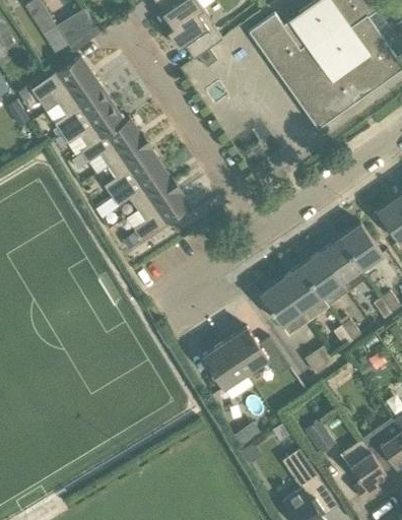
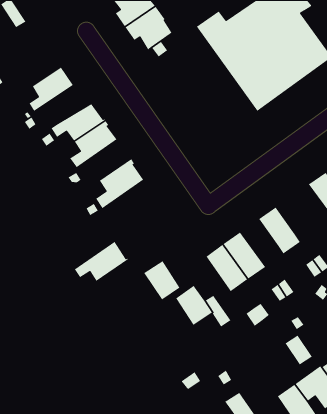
building: [56,9,99,52] -> none
building: [36,57,95,101] -> none
building: [64,100,125,144] -> none
building: [113,161,176,208] -> [74,241,129,282]
building: [340,223,383,269] -> none
building: [299,252,348,307] -> none
building: [203,342,246,388] -> [143,260,181,300]
building: [304,420,336,456] -> [284,334,313,366]

